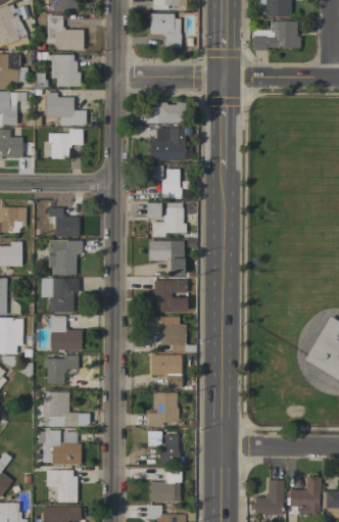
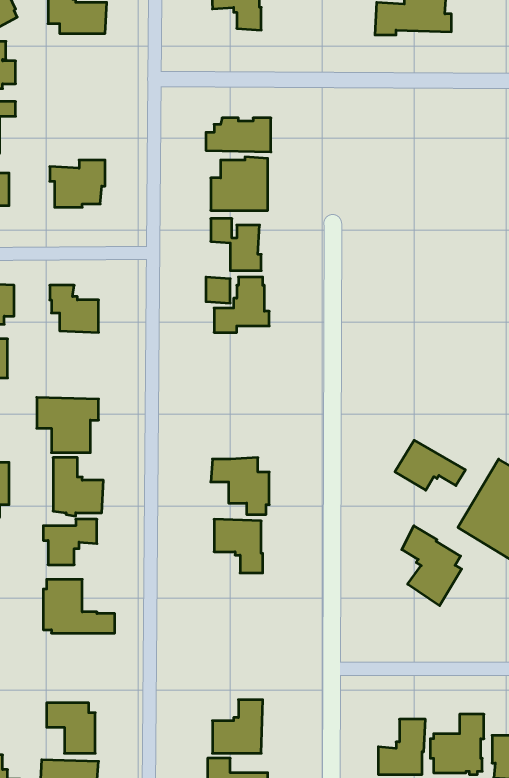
building: [37,52,81,86] -> none
building: [46,92,87,126] -> none
building: [50,240,83,275] -> none
building: [149,240,185,275] -> none
building: [152,280,188,312] -> none
building: none -> [395,440,465,490]
building: none -> [402,526,462,606]
building: [148,392,180,427] -> none
building: [40,430,82,464] -> none
building: [148,431,181,464] -> none

